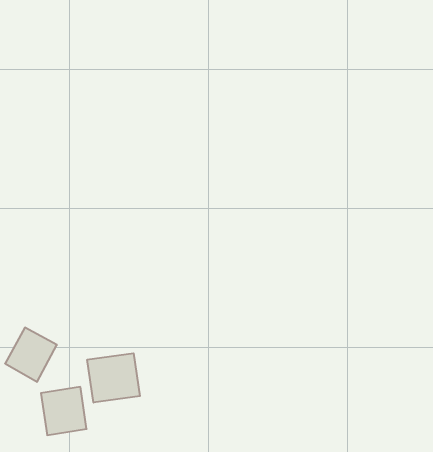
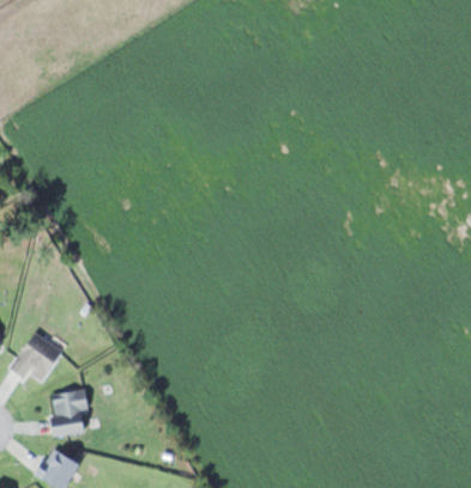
building: [87,353,140,403] -> none

